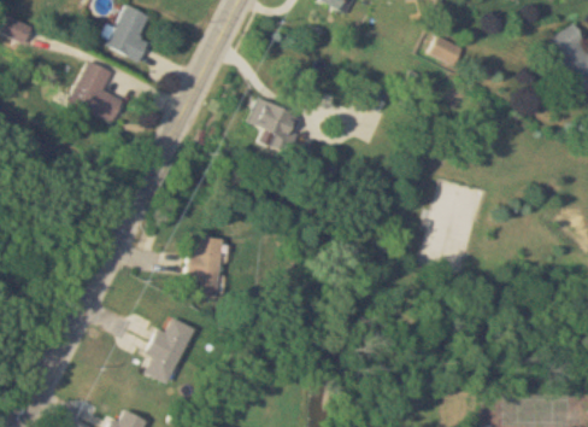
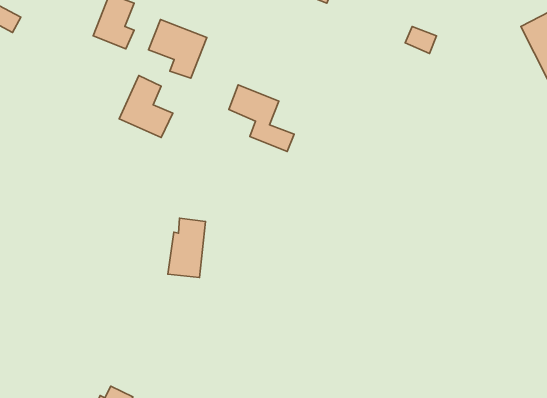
building: none -> [148,19,207,78]
building: [67,60,123,124] -> [119,76,173,138]
building: [146,317,194,384] -> none

